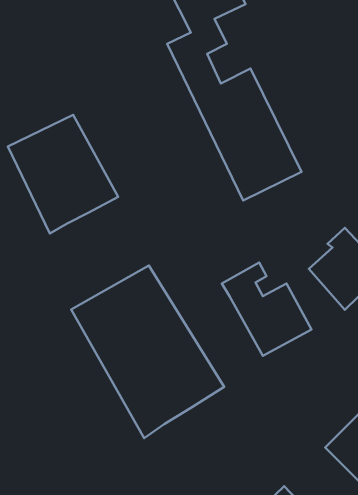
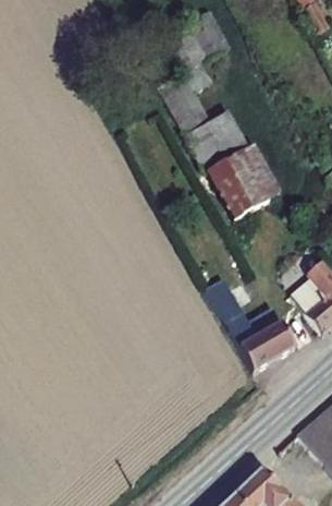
building: [8,115,118,233] -> none
building: [71,265,224,438] -> none

